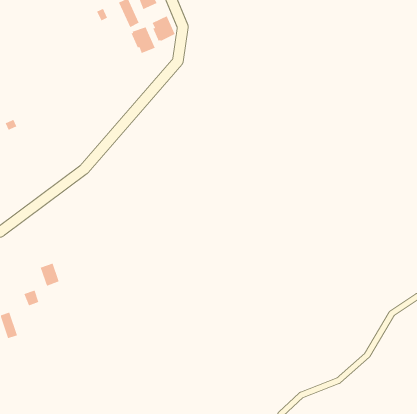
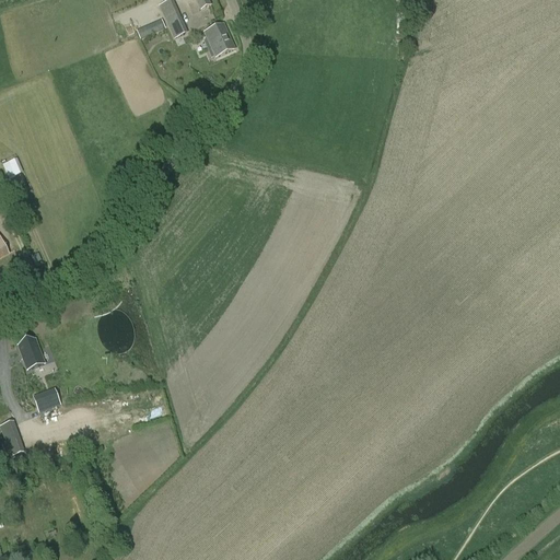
building: [131,26,155,54] -> none
building: [40,263,60,286] -> [18,337,44,369]

